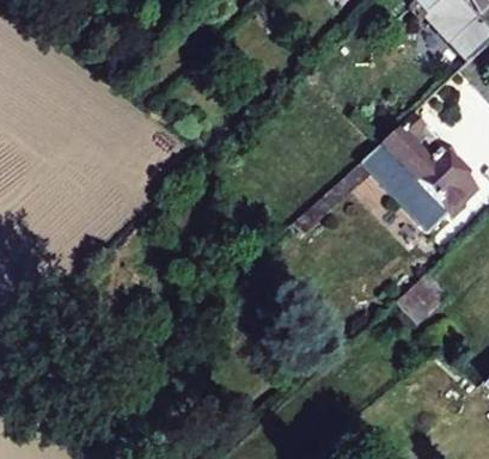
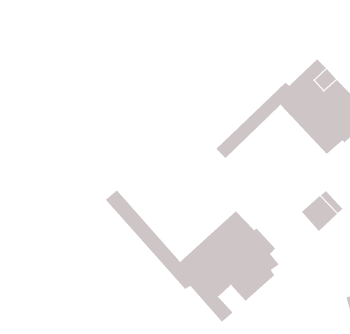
building: none -> [105,190,280,323]

